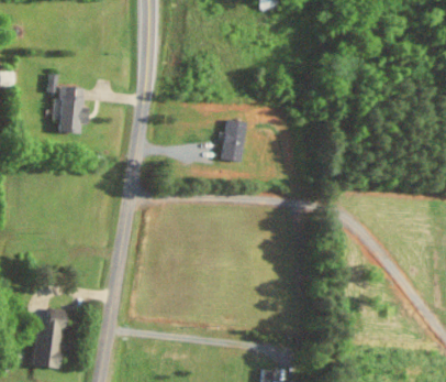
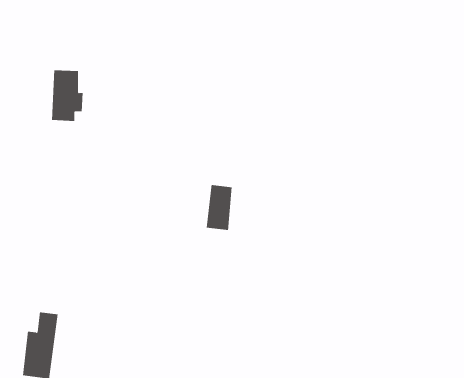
building: [222,120,246,162] -> [206,185,232,230]

